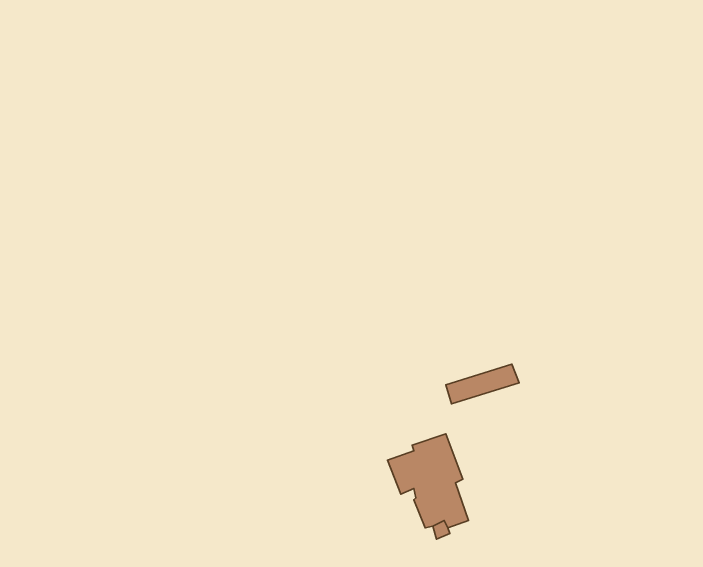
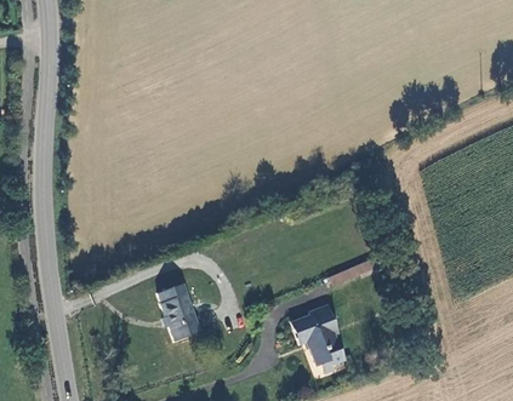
building: none -> [155,281,199,339]

